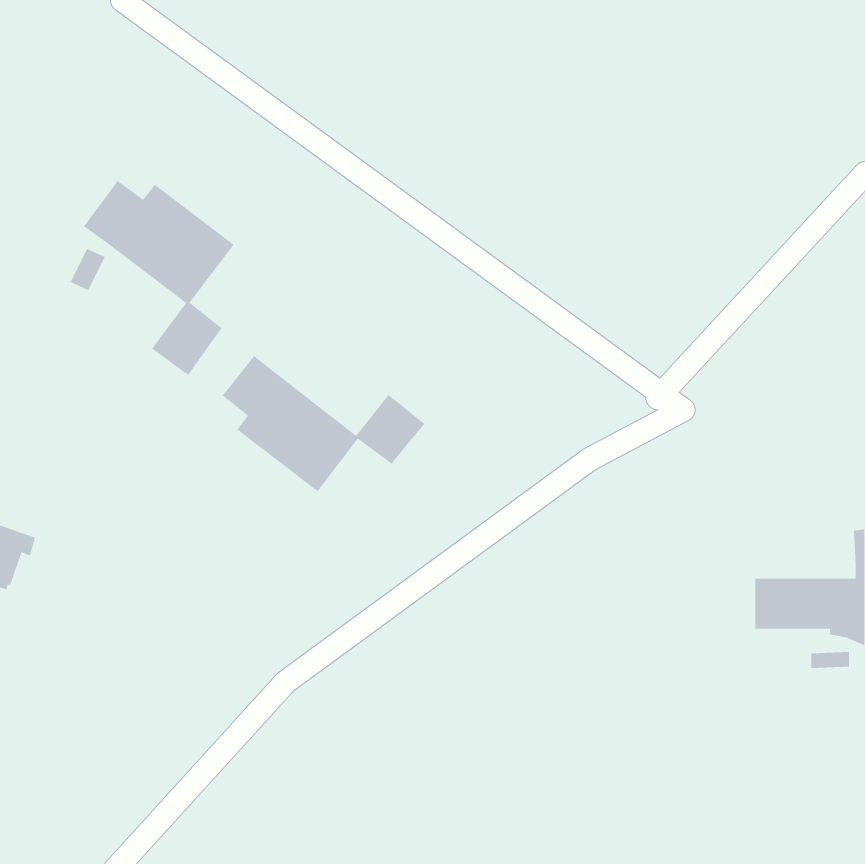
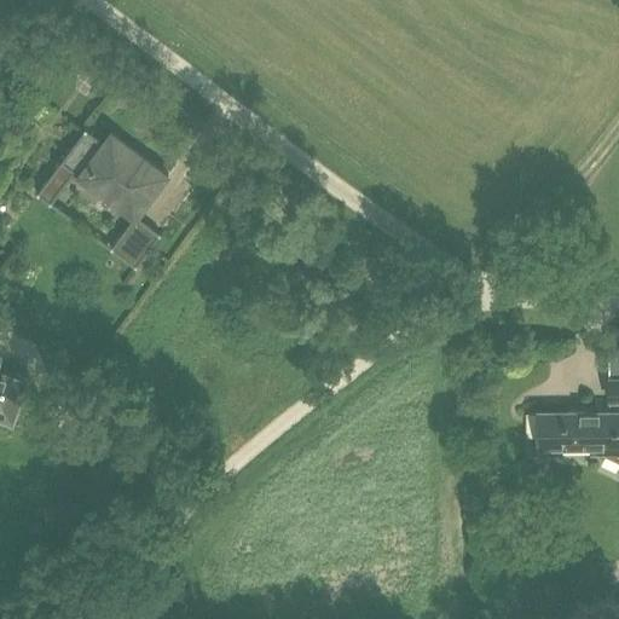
building: [222,355,425,492] -> none

